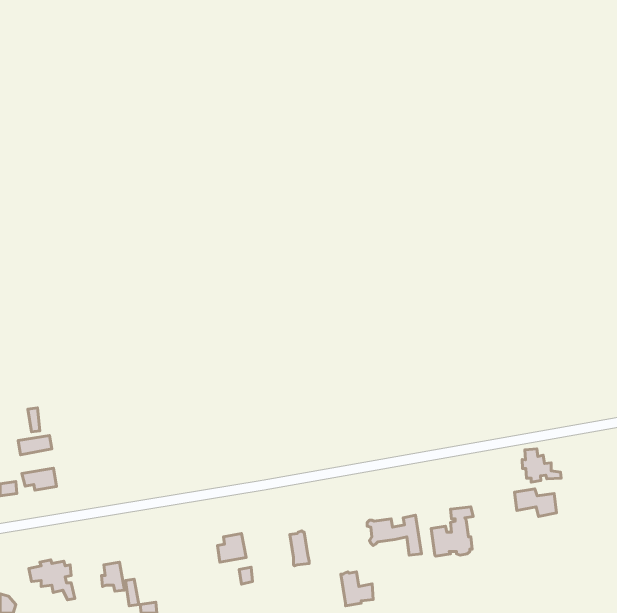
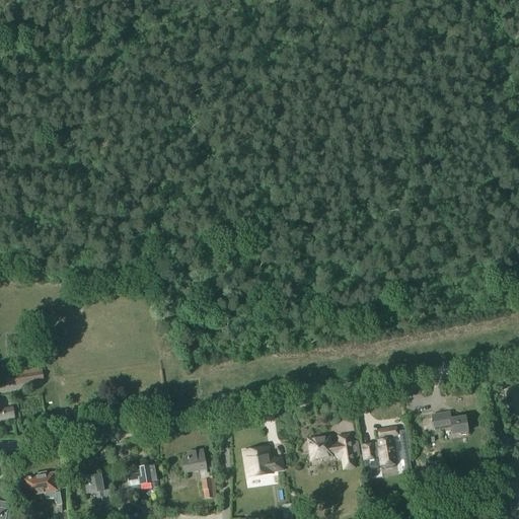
building: [522,449,561,482] -> none
building: [22,468,56,490] -> none
building: none -> [129,460,158,487]
building: [341,572,373,606] -> [255,445,283,473]

